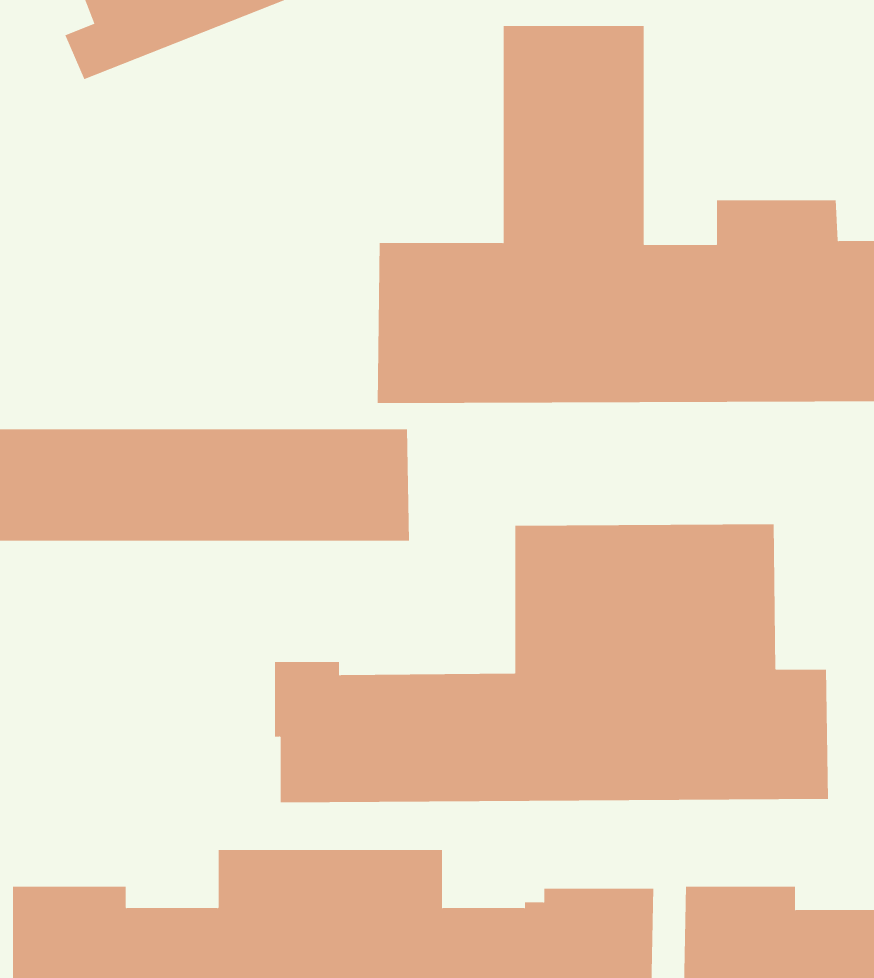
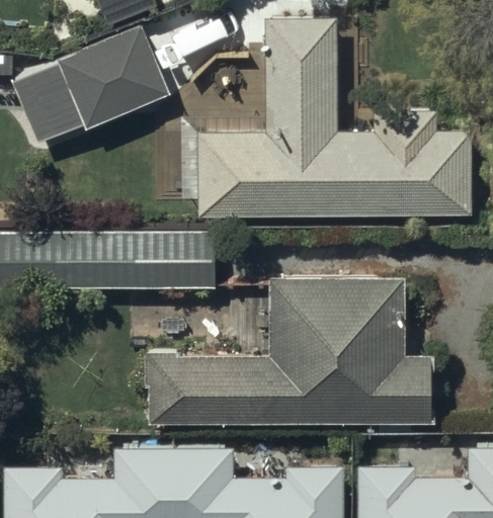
building: none -> [13,28,169,145]

